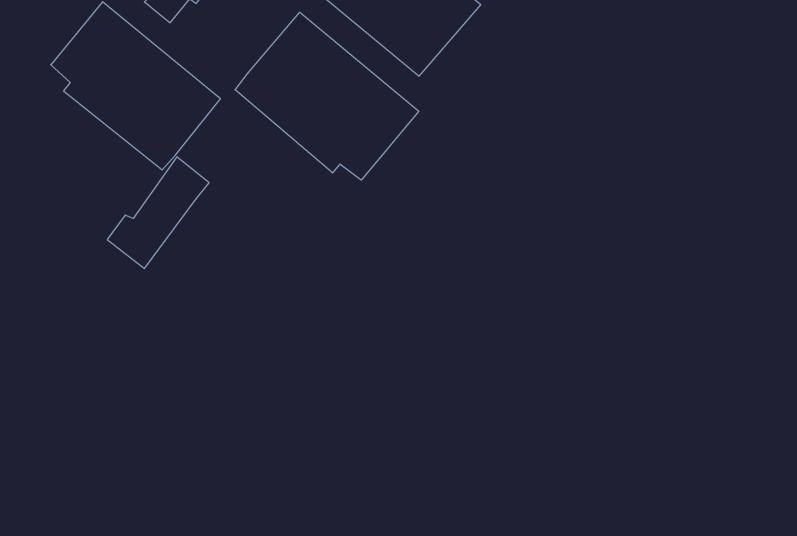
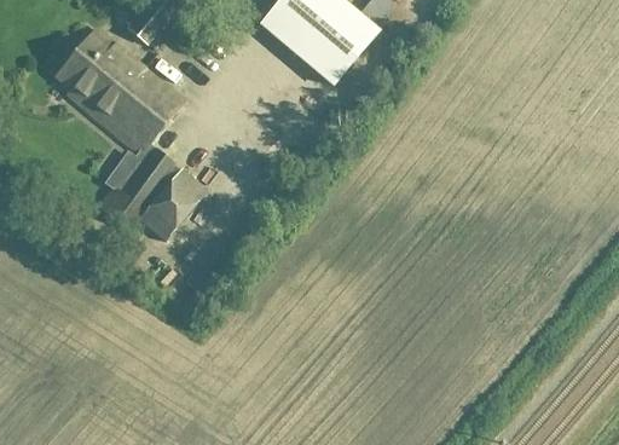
building: [235,12,419,180] -> none
building: none -> [139,167,207,239]

